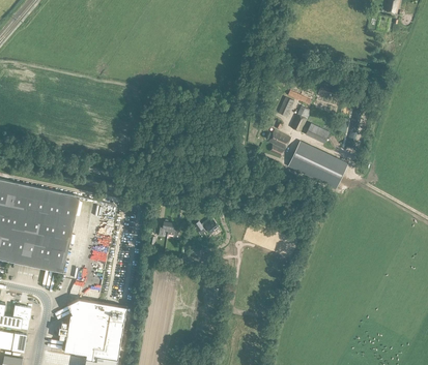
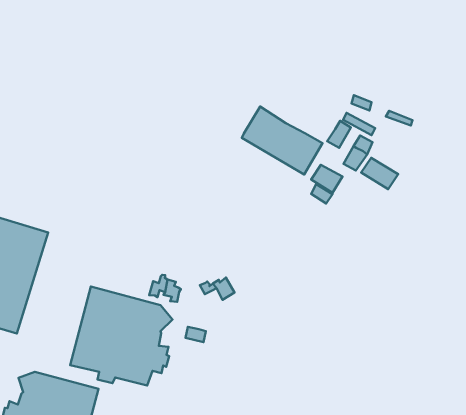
building: [288,142,347,188] -> [242,107,322,174]
building: none -> [70,286,173,386]

